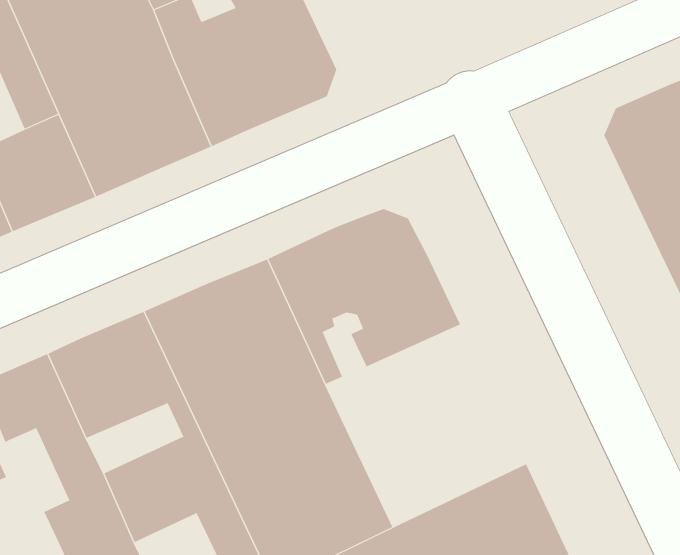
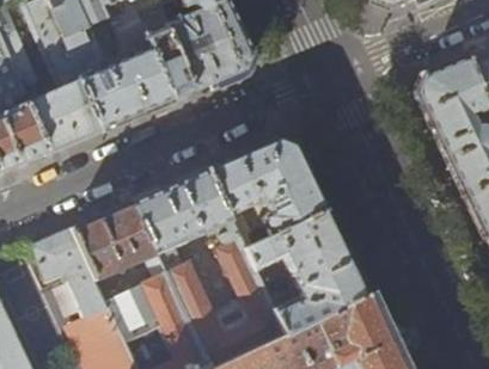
building: none -> [245,210,369,336]

